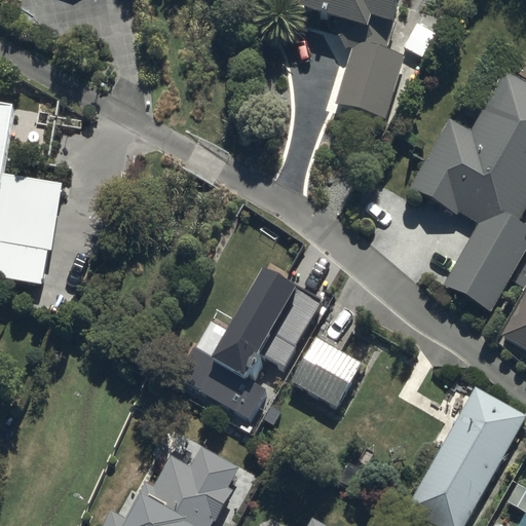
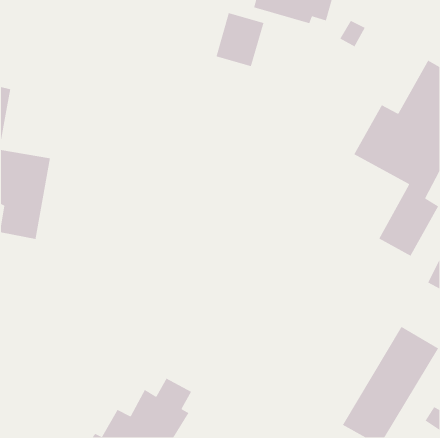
building: [345,47,404,113] -> [215,12,264,67]
building: [175,264,323,421] -> none
building: [290,335,362,407] -> none

